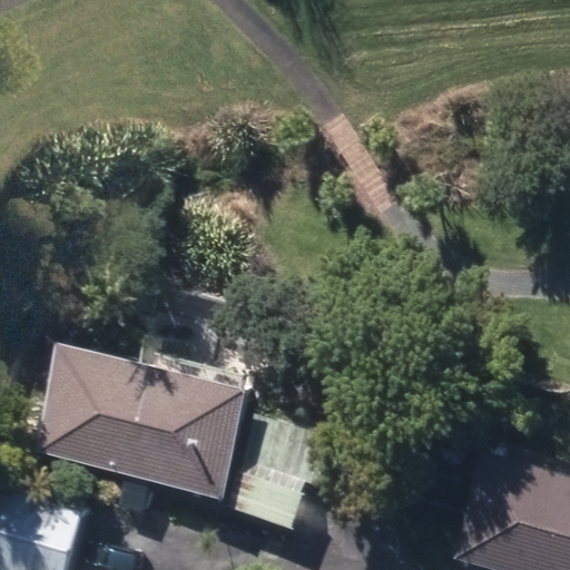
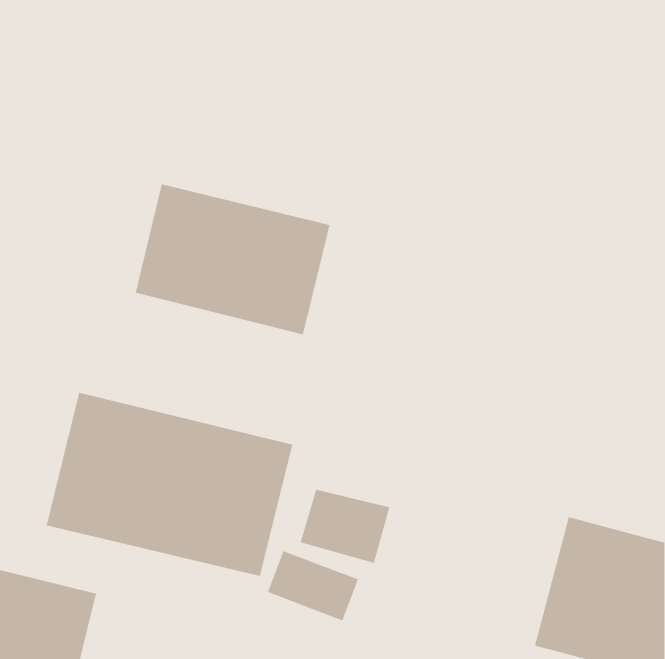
building: none -> [135,184,330,335]

